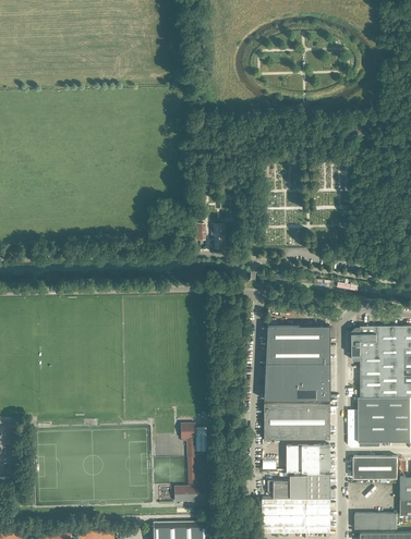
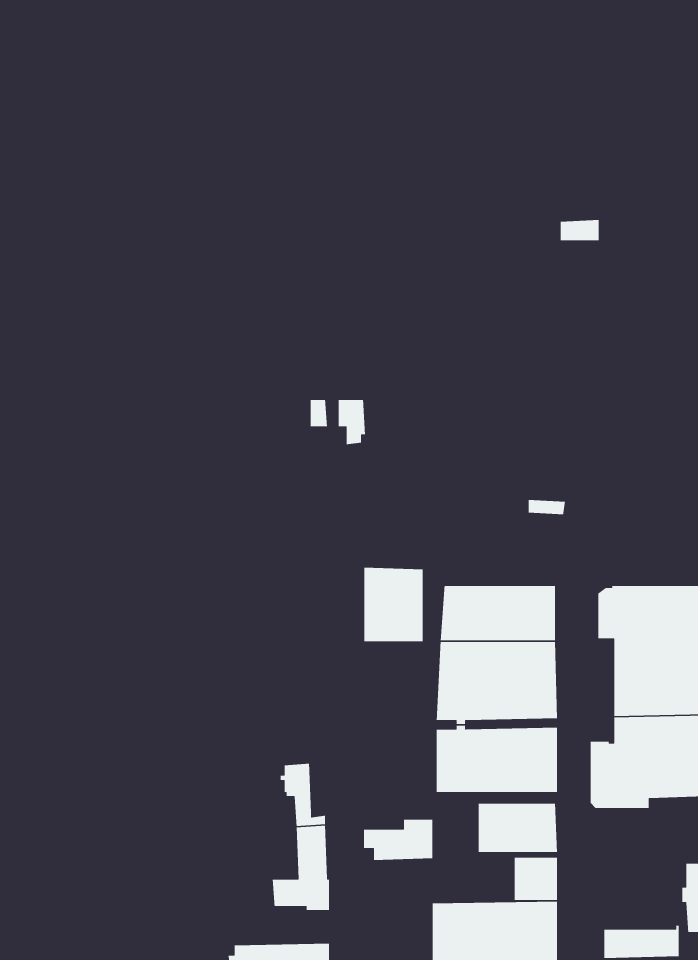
building: none -> [363,567,424,642]
building: [353,456,398,478] -> none
building: [268,475,306,498] -> [363,819,433,861]

